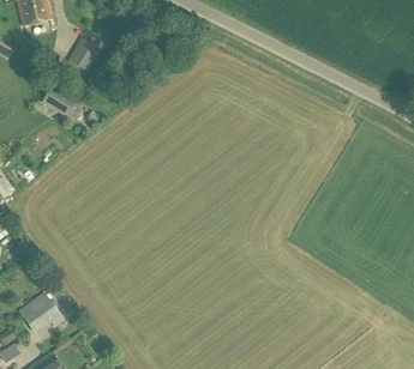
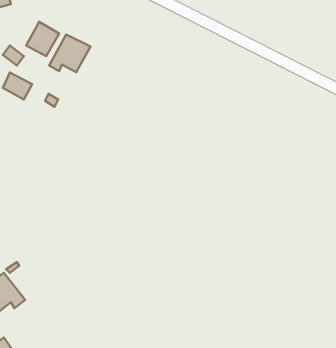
building: none -> [49,35,90,72]

